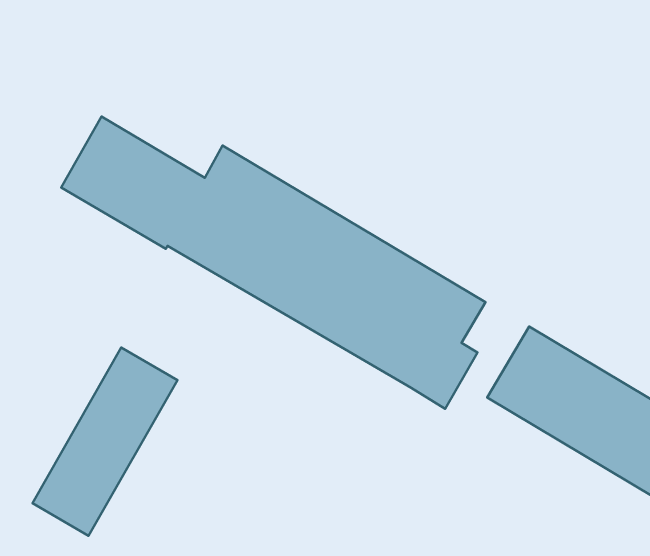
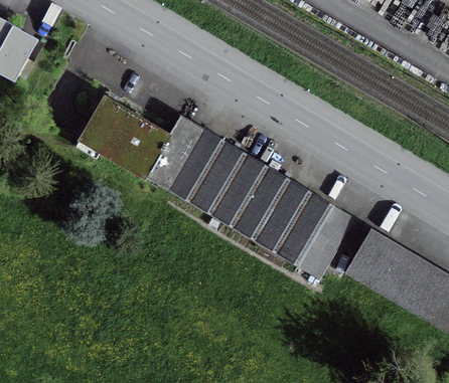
building: [32,348,178,536] -> none

